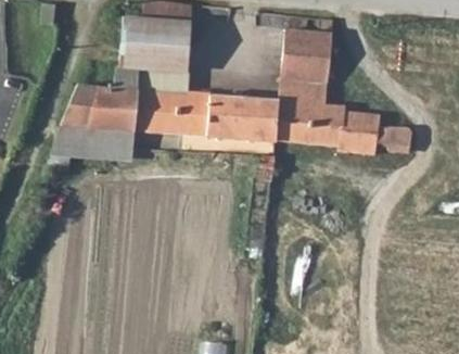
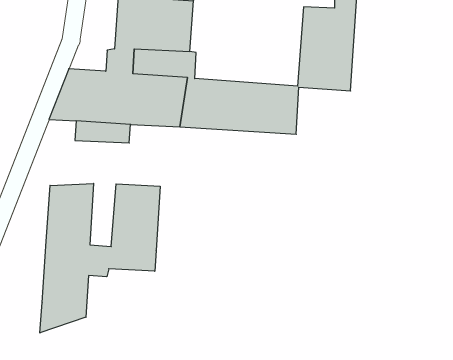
building: [280,101,411,160] -> none
building: none -> [40,183,160,333]

